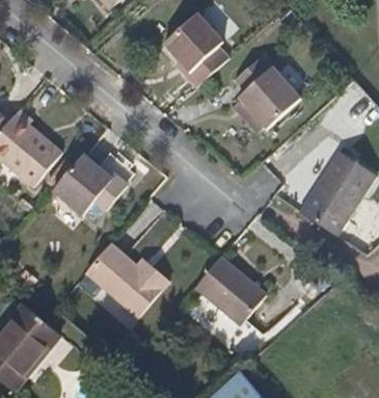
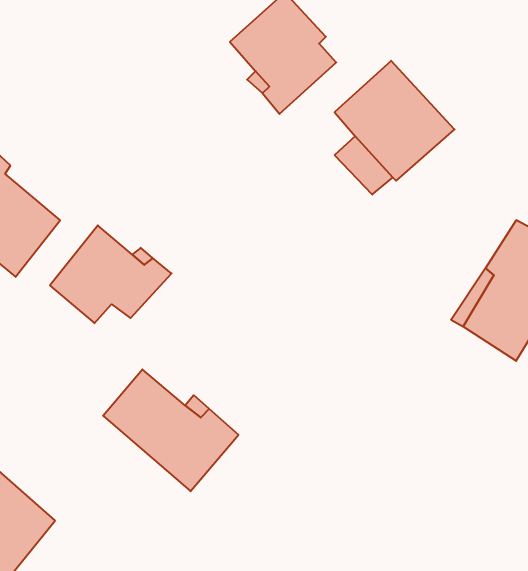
building: [195,258,266,324] -> none

